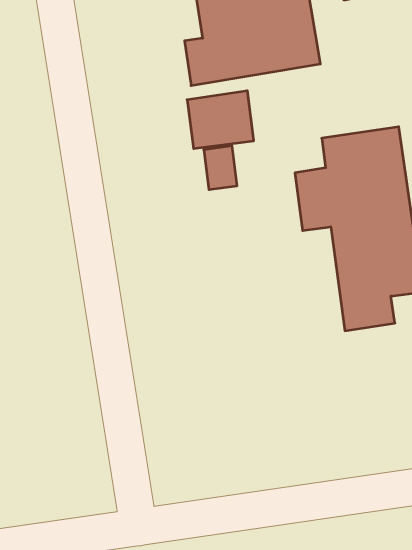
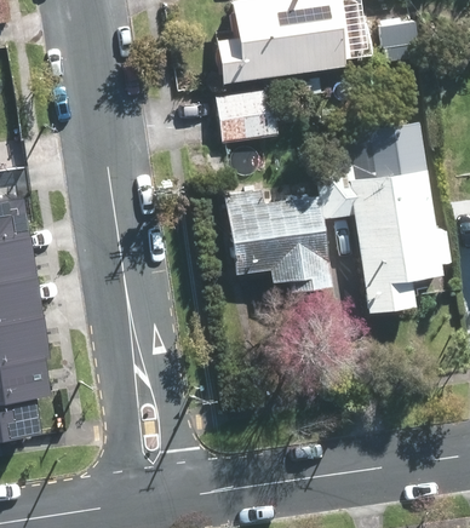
building: none -> [228,191,333,293]

